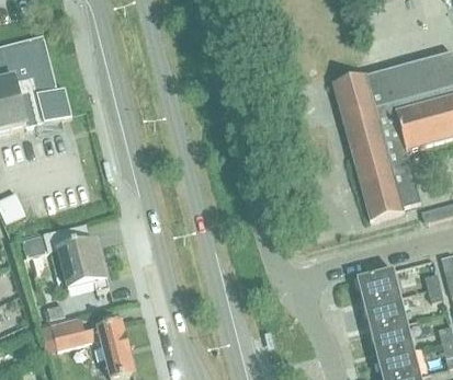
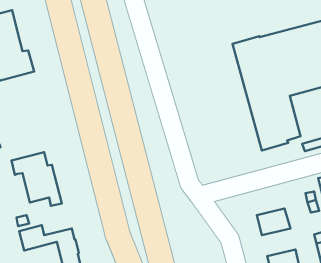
building: [356,268,399,303] -> none
building: [370,321,414,357] -> none

